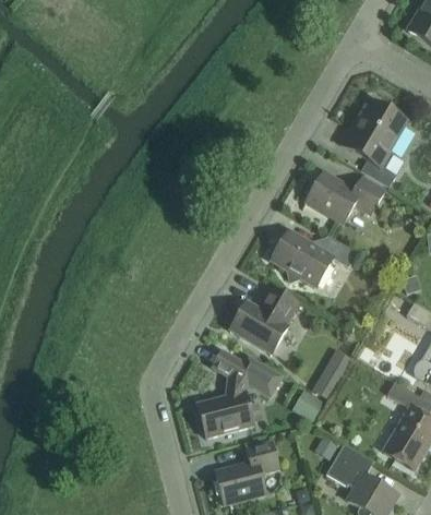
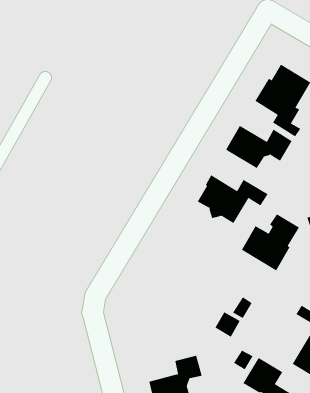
building: [229,286,298,354] -> [241,213,300,271]
building: [196,349,283,438] -> none

